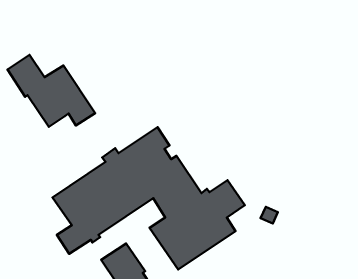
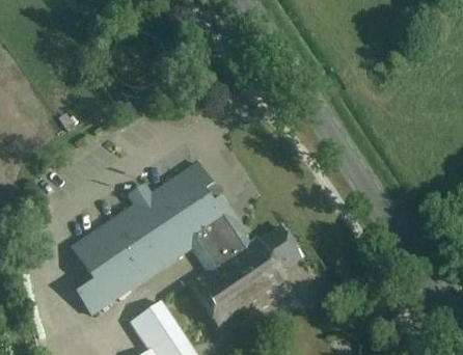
building: [8,55,95,127] -> none

